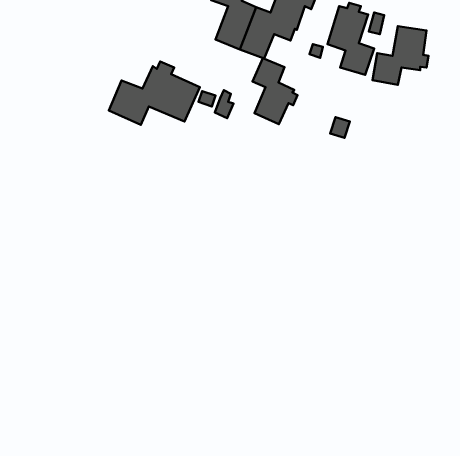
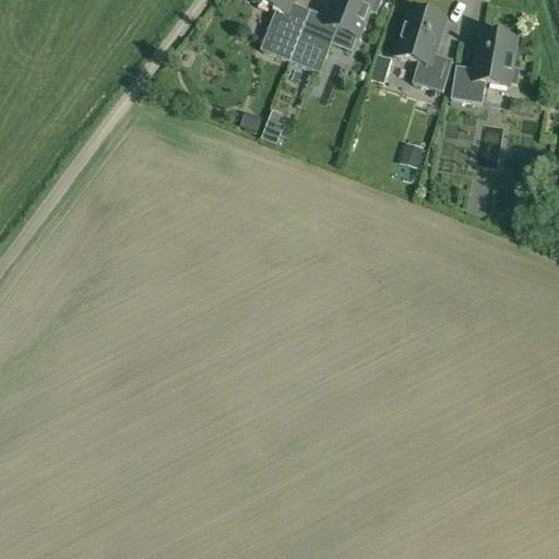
building: [253,58,298,124] -> none
building: [109,61,200,125] -> none

